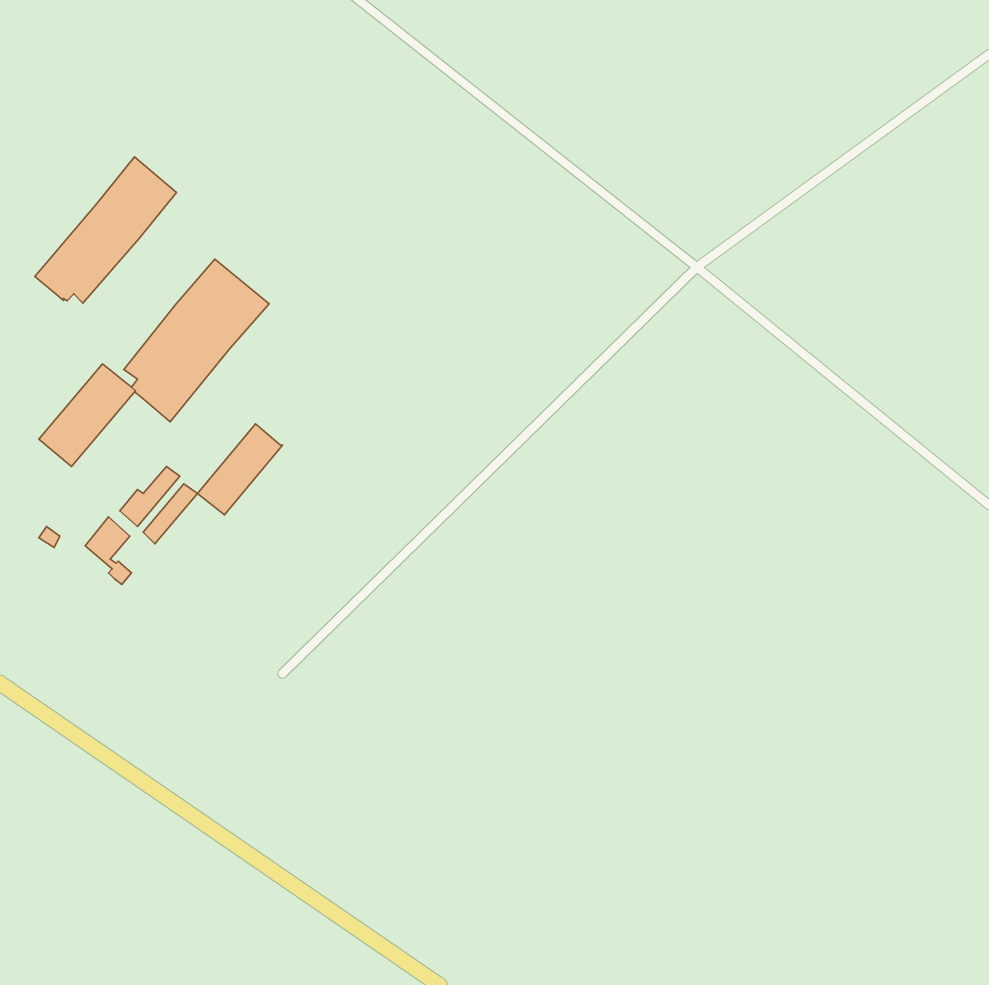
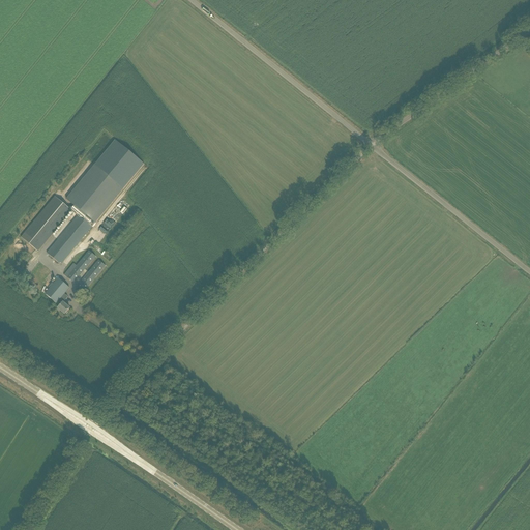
building: [35,157,176,303] -> none
building: [197,424,283,515] -> [47,214,92,263]

